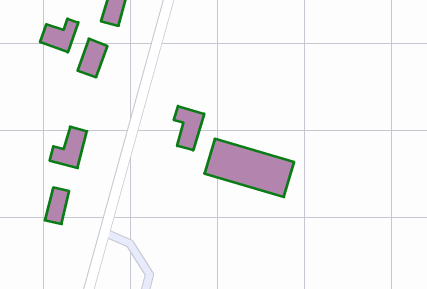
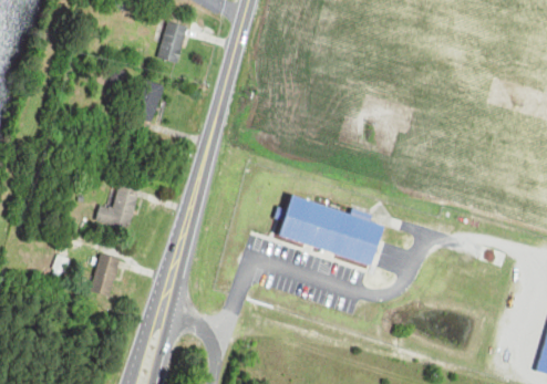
building: [40,19,78,52] -> none
building: [174,106,204,150] -> none

